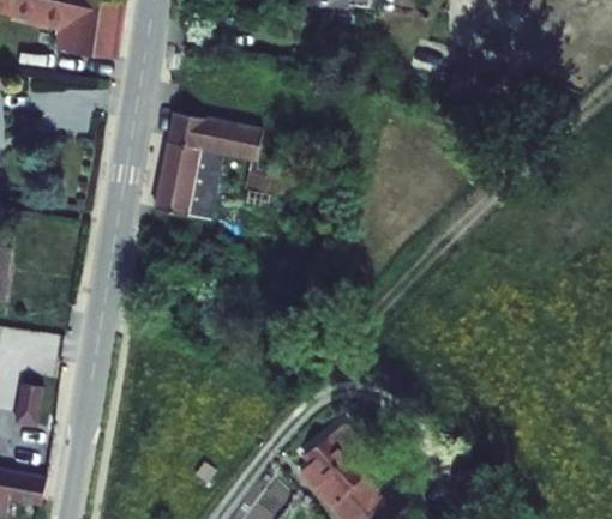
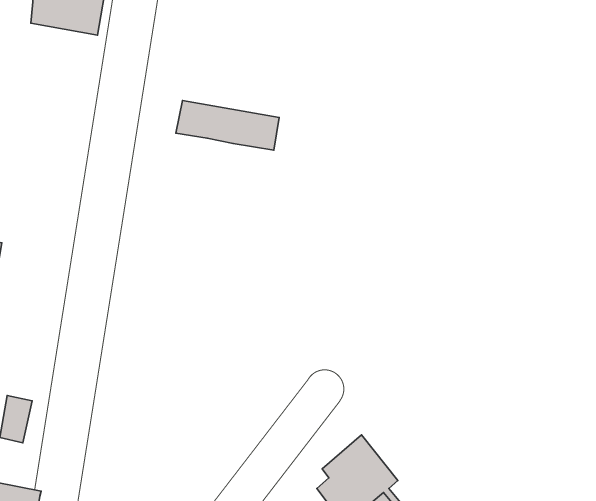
building: [157,144,222,222] -> none

